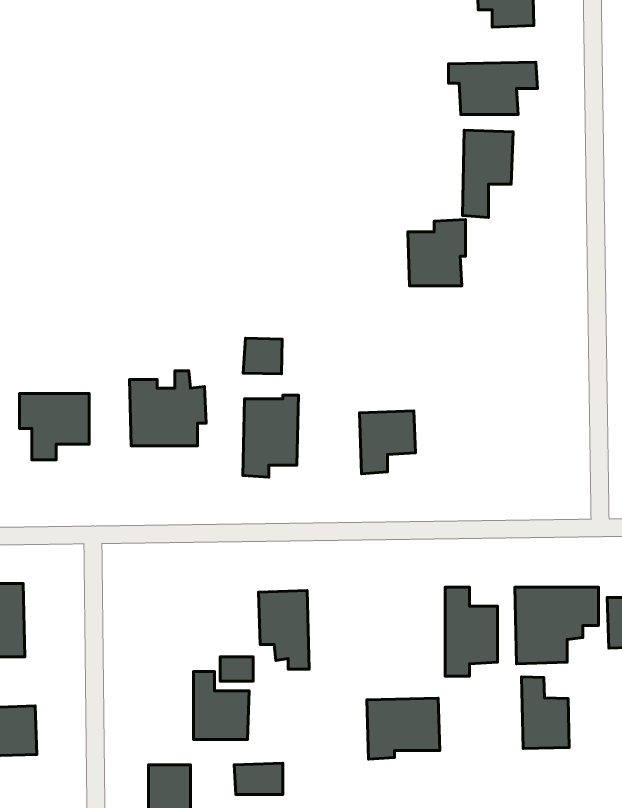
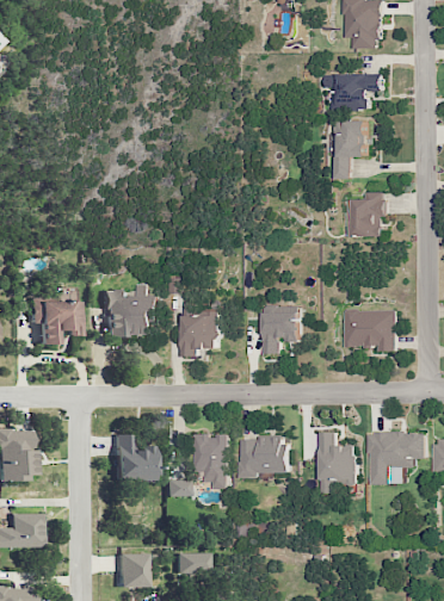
building: [408,219,465,286] -> [345,191,384,236]
building: [243,338,282,374] -> none
building: none -> [343,309,396,351]
building: [194,672,249,740] -> [113,434,152,481]
building: [521,677,569,748] -> none
building: [367,698,440,759] -> [238,436,288,478]

